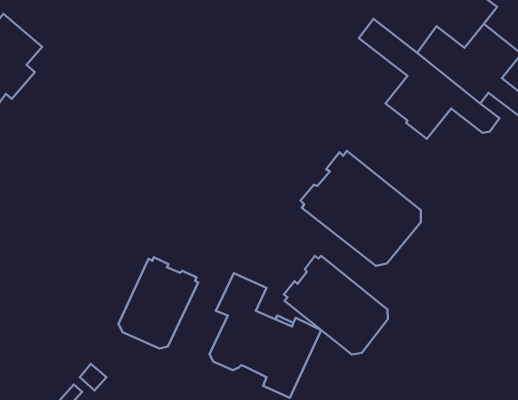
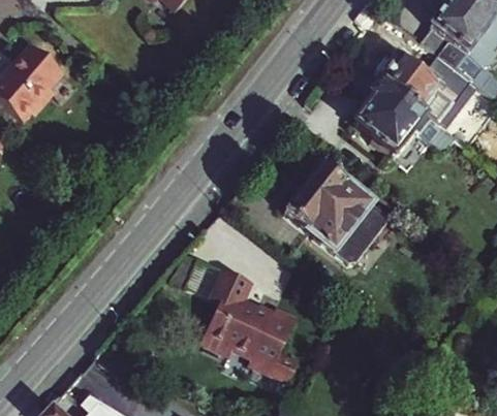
building: [284,256,388,354] -> none
building: [118,257,198,349] -> none

